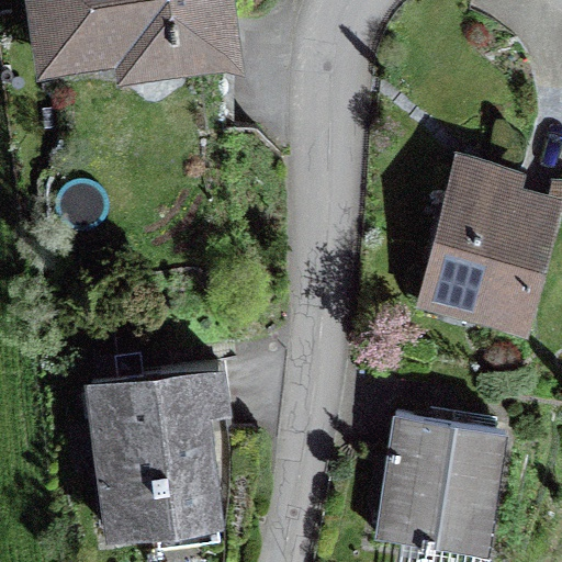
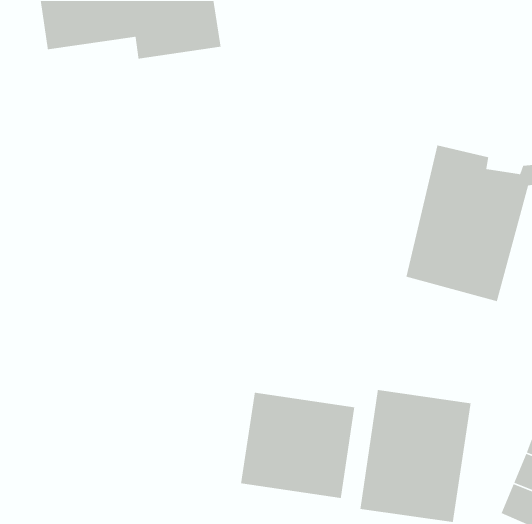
building: [90,363,235,544] -> none
building: none -> [240,392,355,499]

